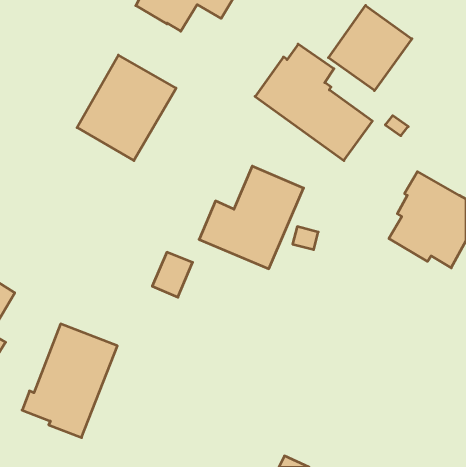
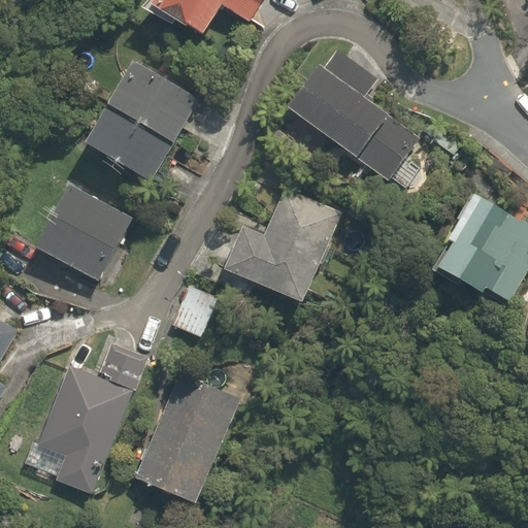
building: [328,5,412,91] -> none
building: none -> [36,186,132,282]
building: none -> [97,341,147,389]
building: none -> [134,371,241,503]

